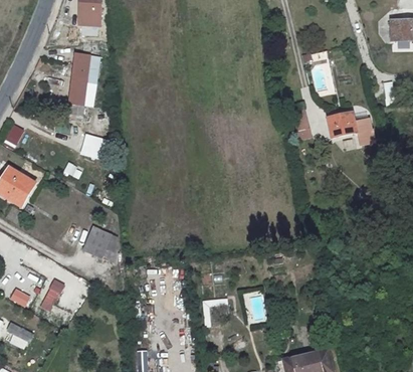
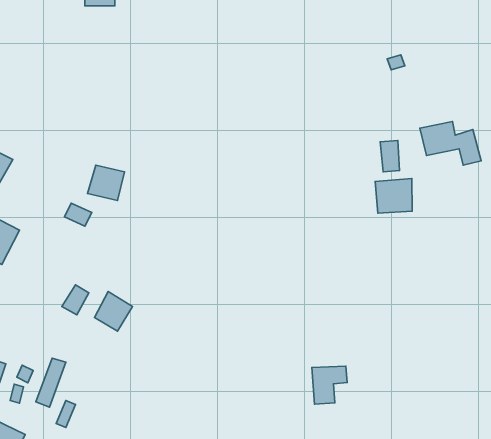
building: [61,52,90,115] -> none
building: none -> [375,179,412,213]
building: [203,300,229,328] -> [312,366,347,404]

